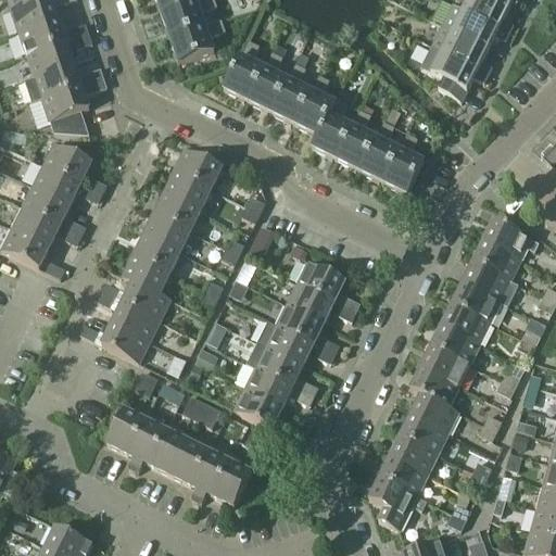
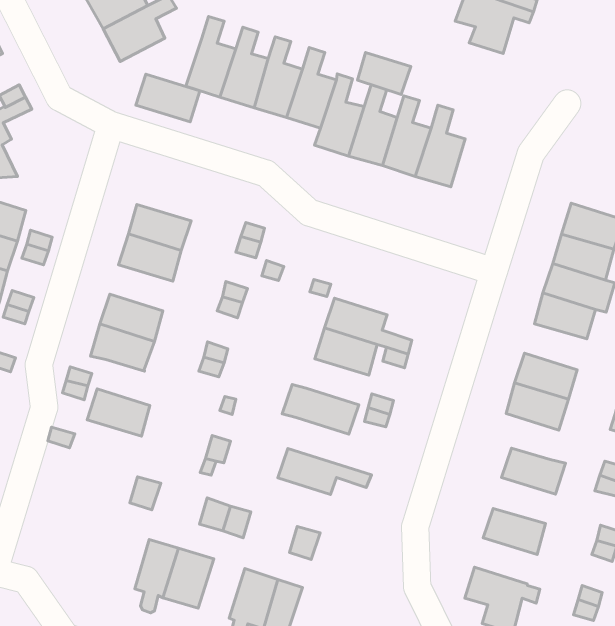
building: none -> [358,52,411,94]
building: [174,147,223,187] -> [136,74,200,122]
building: [143,211,191,250] -> none
building: [123,279,170,318] -> none
building: [277,303,325,342] -> none
building: [442,303,490,342] -> none
building: [102,321,150,361] -> none
building: [256,344,319,395] -> none
building: [410,366,458,405] -> none
building: [235,387,299,438] -> none
building: [108,407,143,452] -> none
building: [401,413,448,452] -> none
building: [172,439,211,484] -> none
building: [380,455,428,494] -> none

